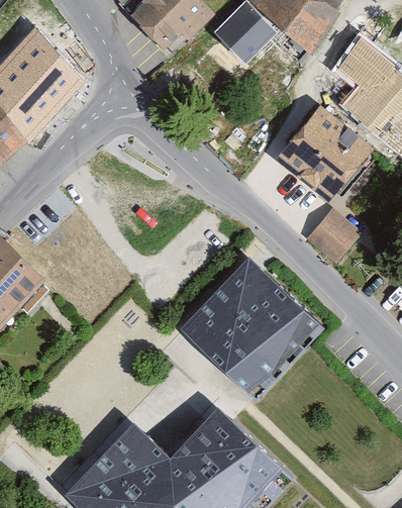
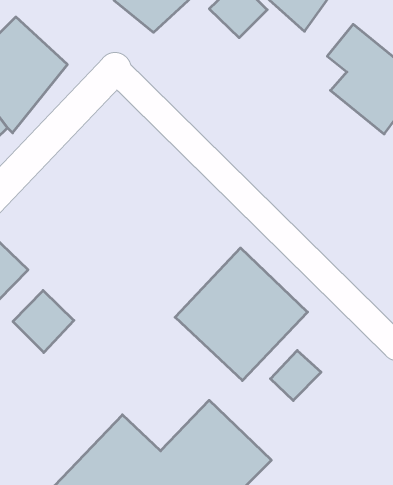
building: [275,106,372,204] -> none
building: [307,208,362,264] -> none
building: none -> [13,290,74,353]
building: none -> [270,350,321,401]

